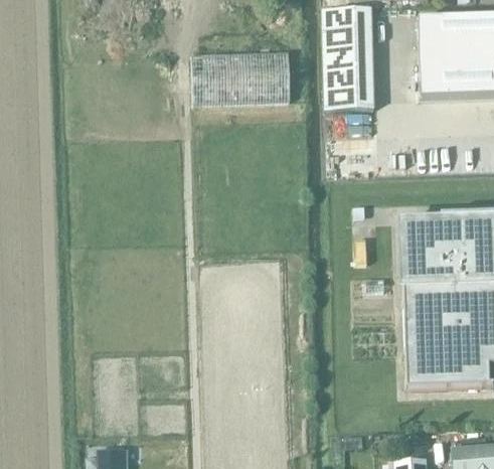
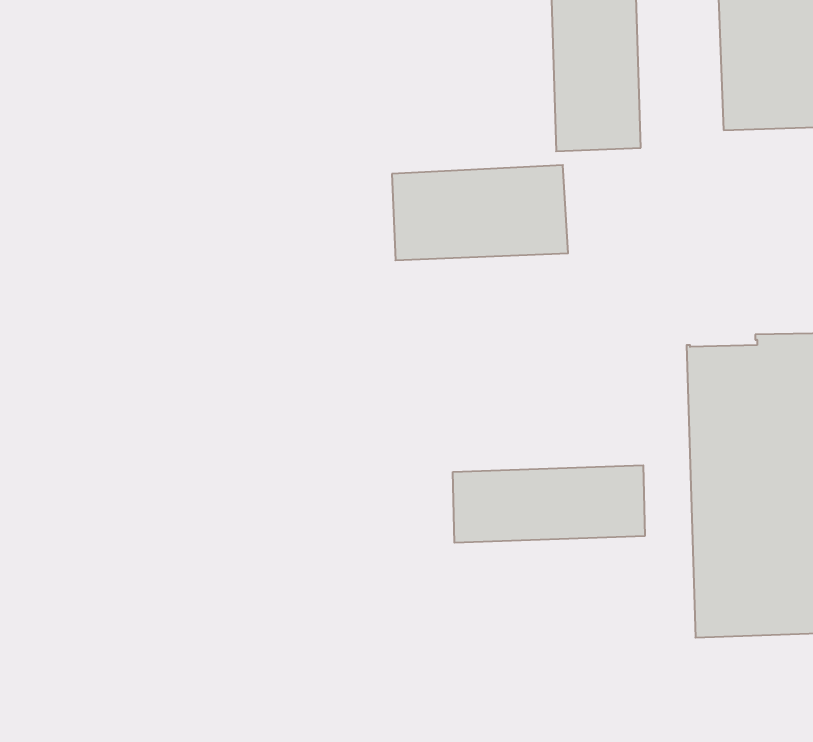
building: [191,45,292,100] -> [392,165,568,260]
building: none -> [453,465,645,543]

